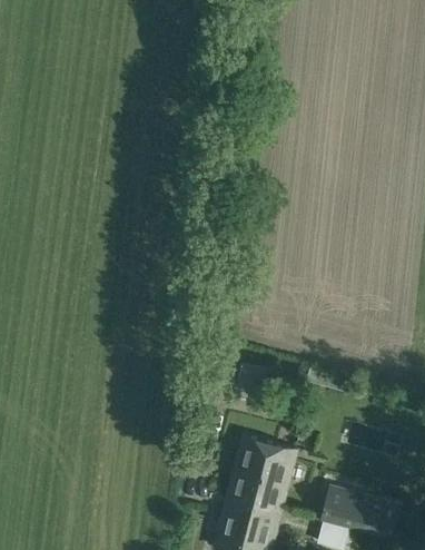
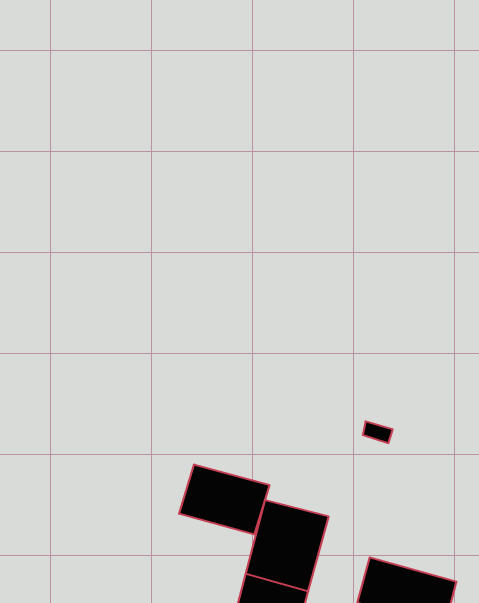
building: none -> [179,464,269,534]

